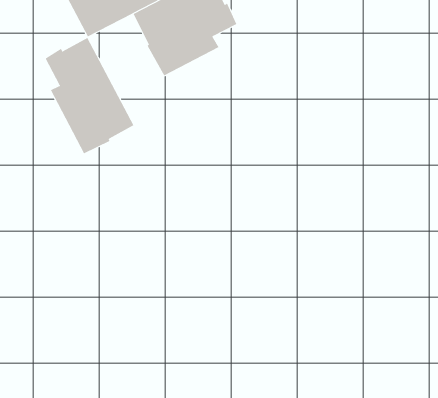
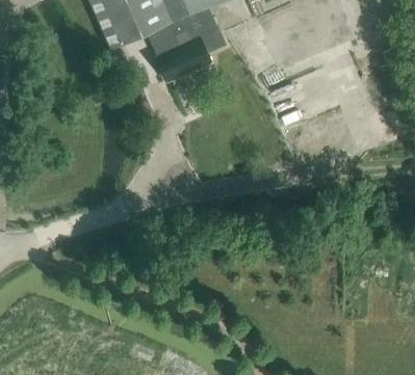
building: [45,37,134,154] -> none

